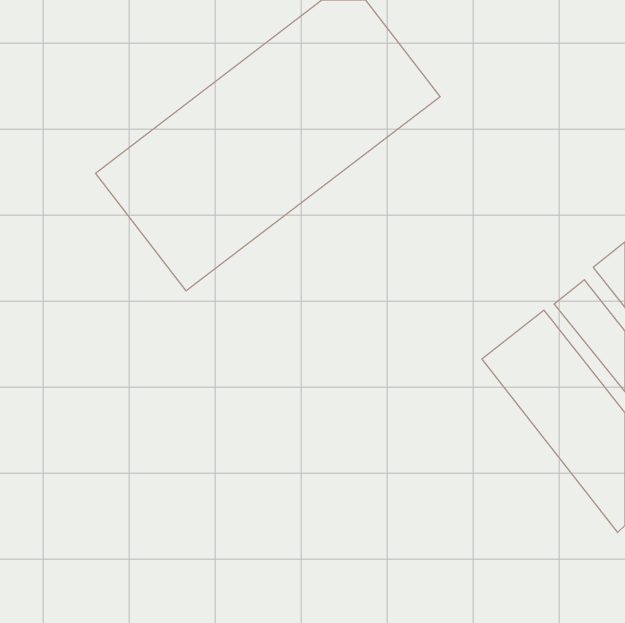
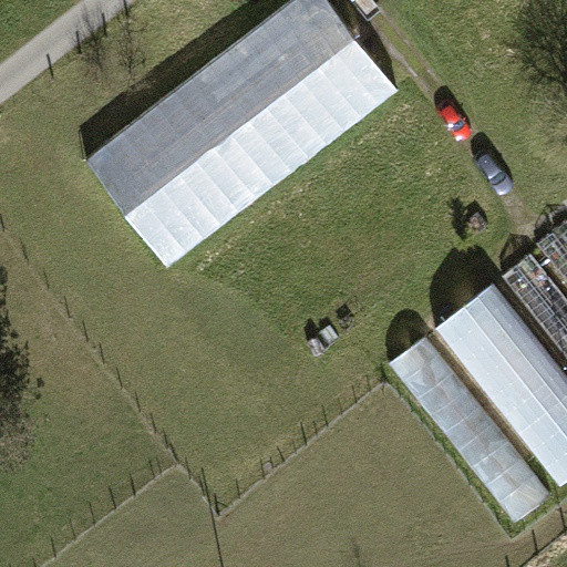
building: none -> [390,336,550,523]

